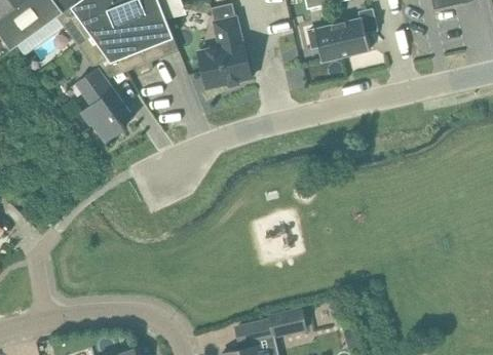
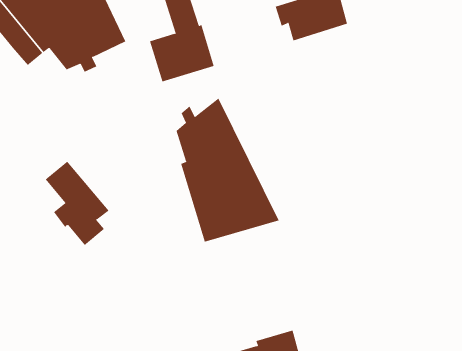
building: [76,68,129,142] -> [45,161,109,246]
building: none -> [176,98,279,243]

